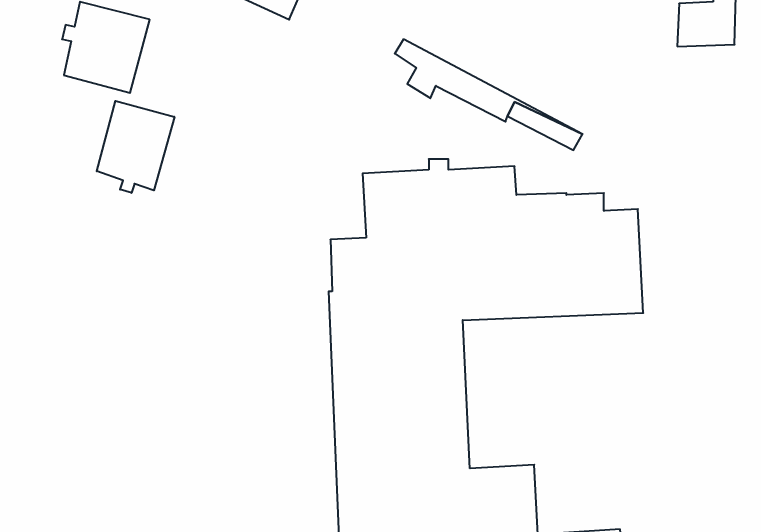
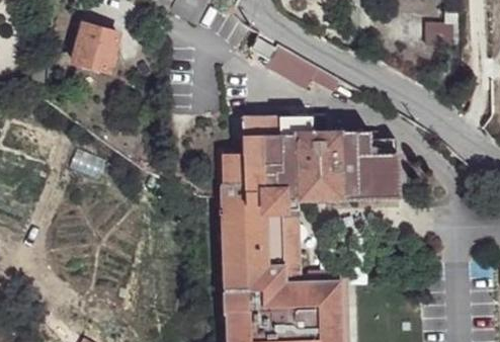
building: [97,101,174,193] -> none

